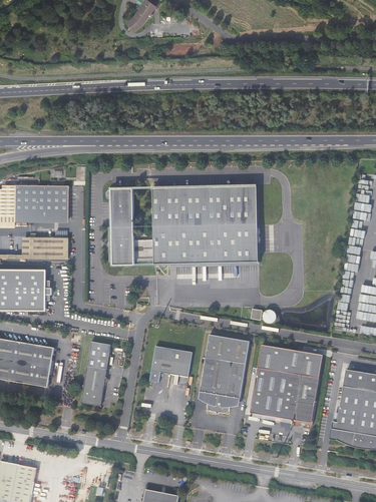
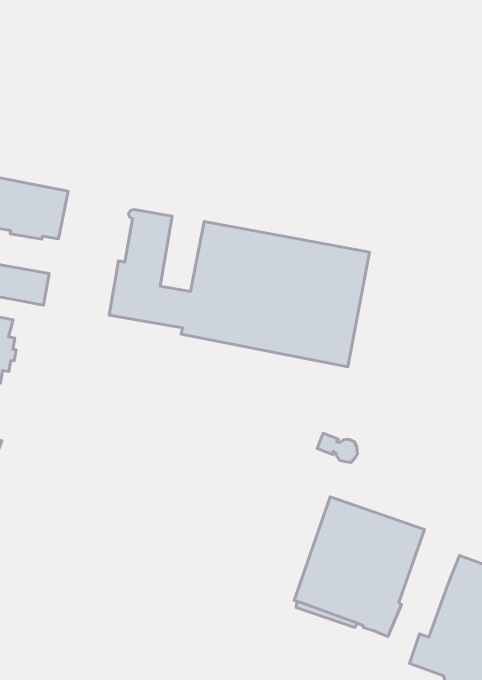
building: [199,335,249,415] -> none
building: [79,342,109,406] -> none
building: [148,345,192,382] -> none

